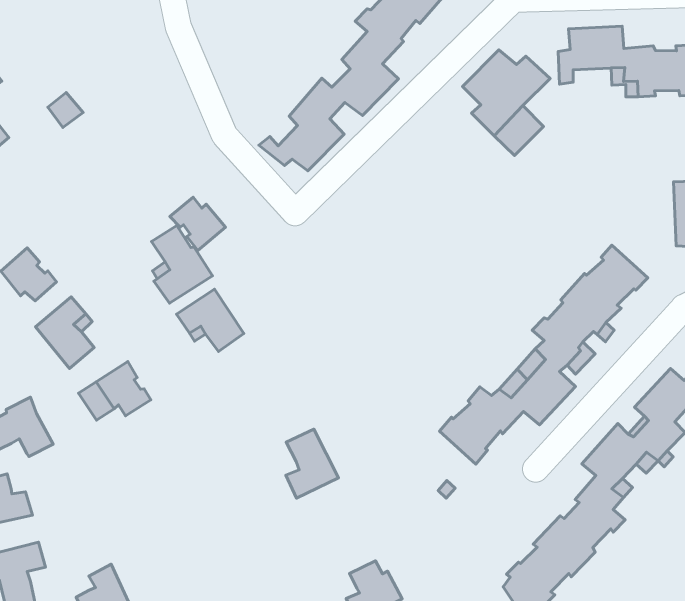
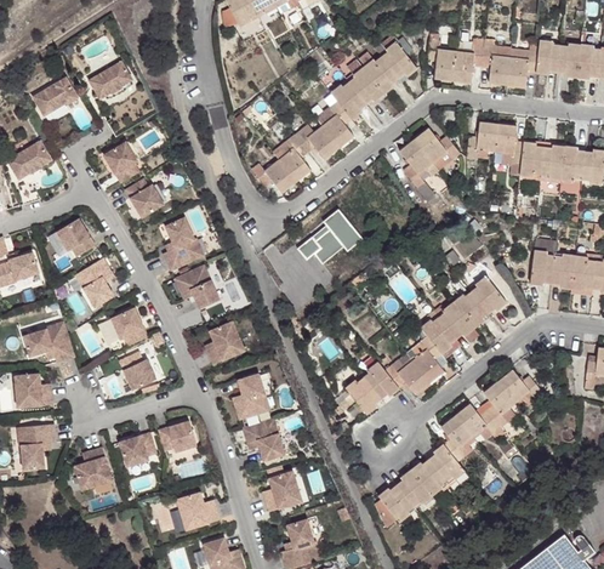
building: none -> [90,61,133,98]
building: none -> [106,143,139,182]
building: none -> [296,209,361,263]
building: [170,197,226,251] -> [125,178,163,216]
building: none -> [207,323,245,364]
building: none -> [120,352,155,388]
building: none -> [243,419,285,461]
building: none -> [159,421,198,451]
building: none -> [120,432,156,466]

